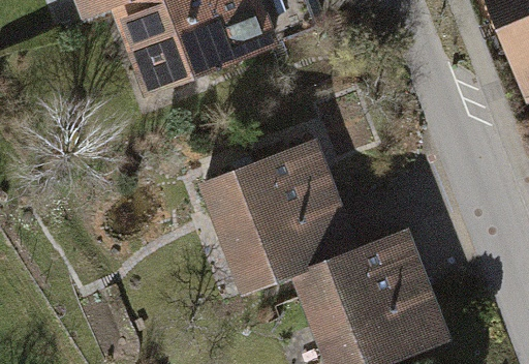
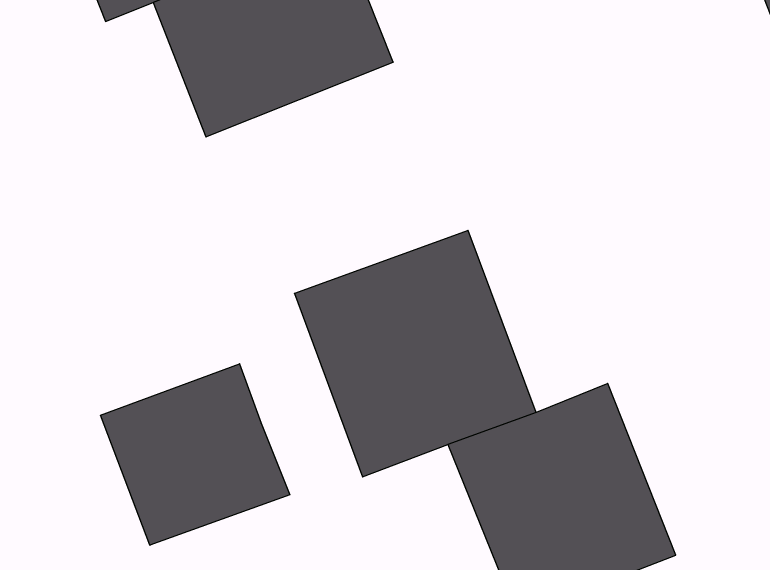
building: none -> [101,364,290,545]

